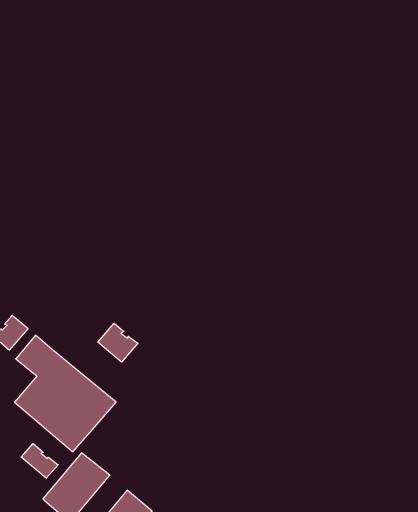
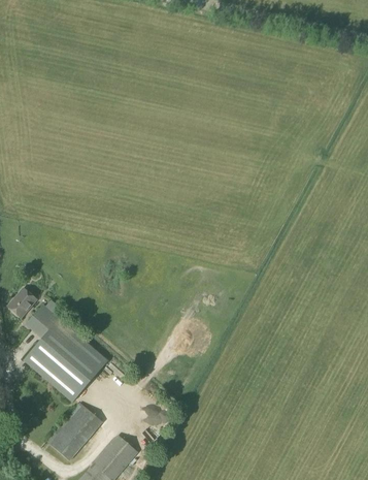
building: [98,323,138,362] -> none
building: [21,444,58,478] -> none

